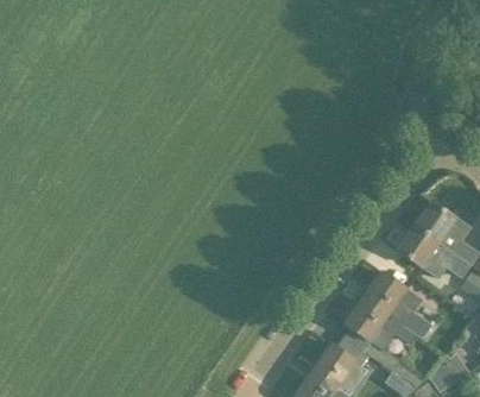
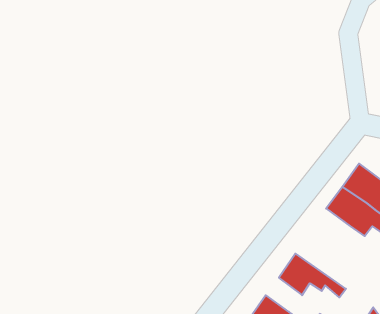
building: [364,271,425,335] -> none

